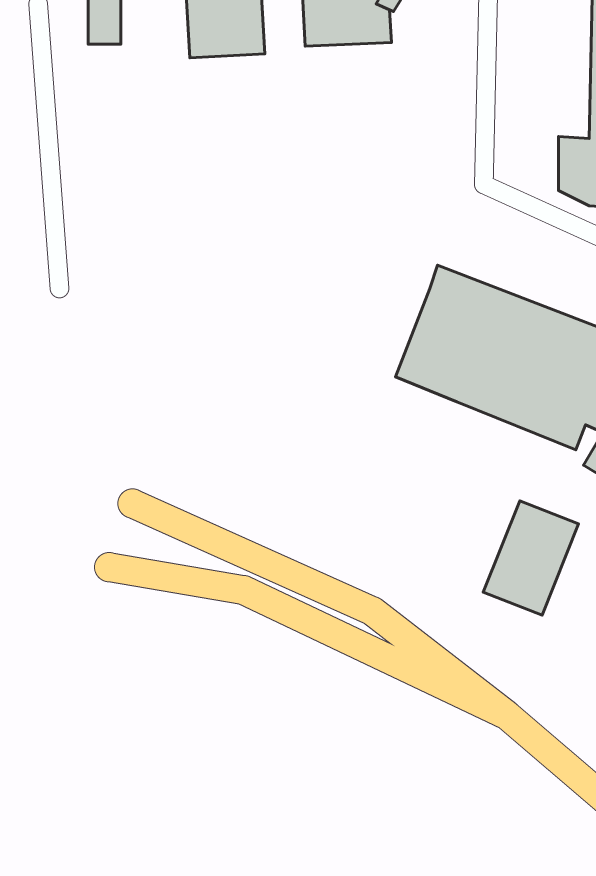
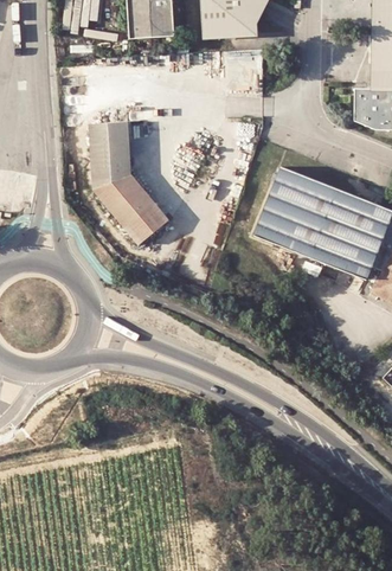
building: none -> [91,121,168,244]
building: [483,501,579,615] -> none

